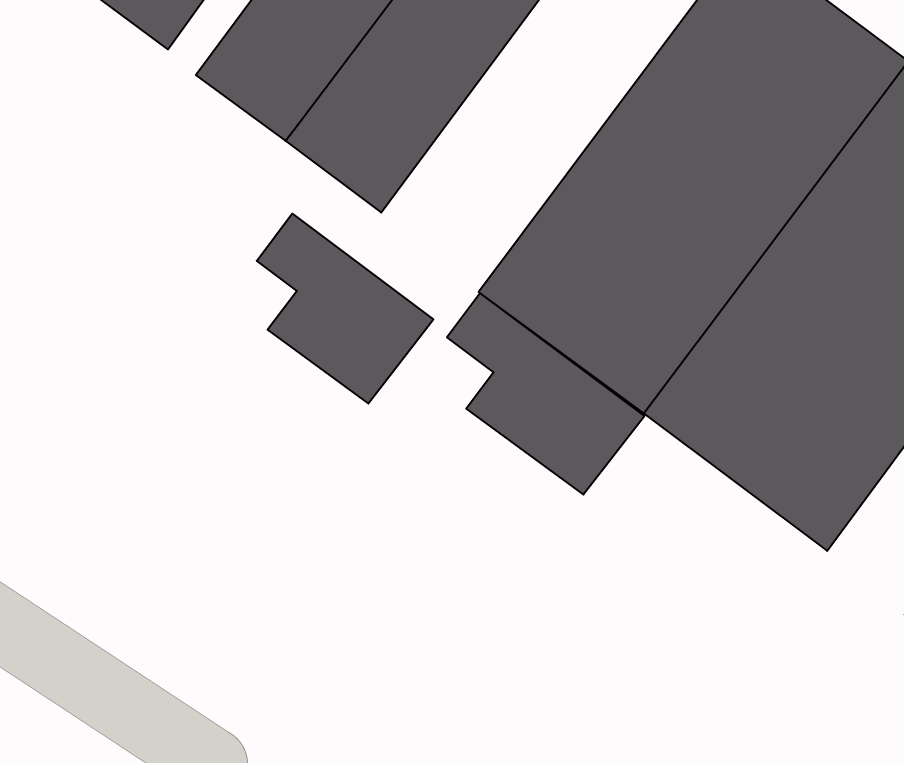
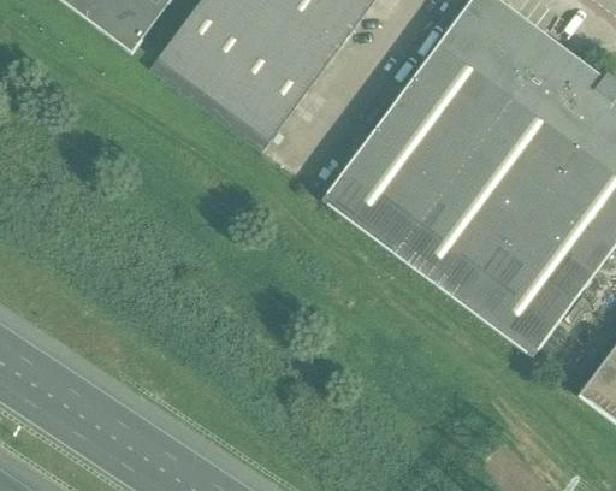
building: [257,214,433,404] -> none
building: [447,293,644,495] -> none

